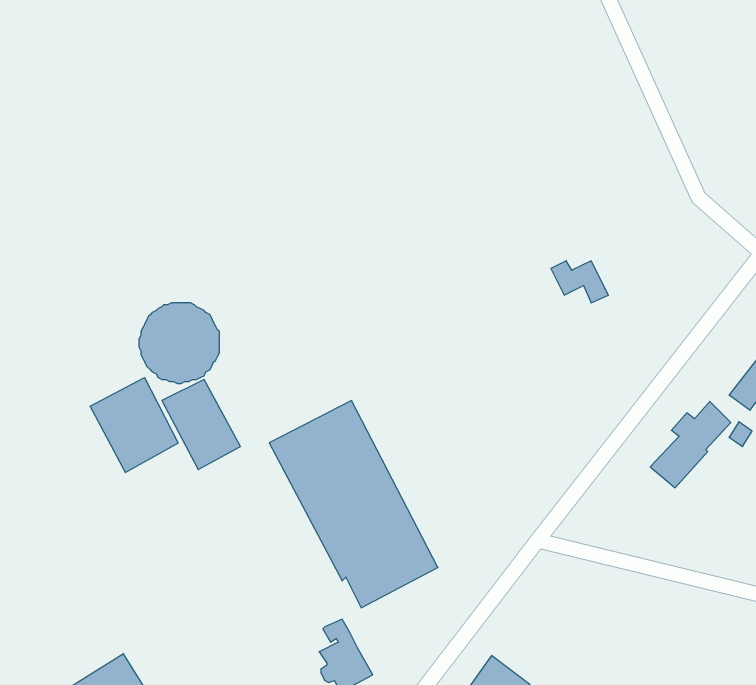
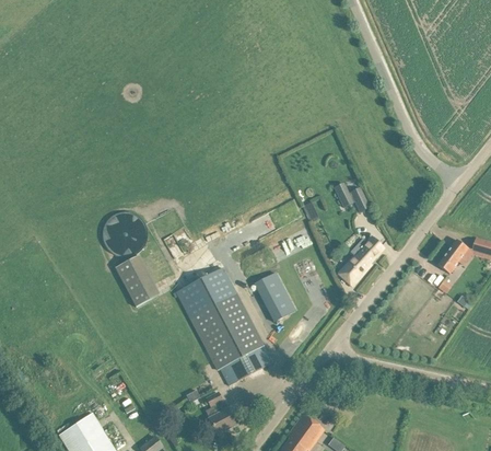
building: [90,378,178,473] -> none
building: [650,401,731,488] -> [337,235,383,285]
building: none -> [254,271,294,321]

